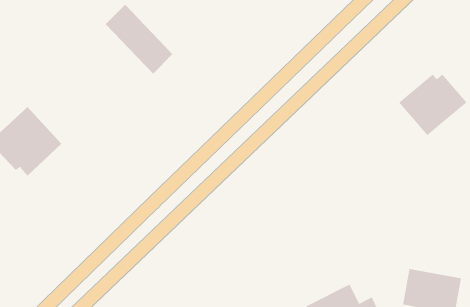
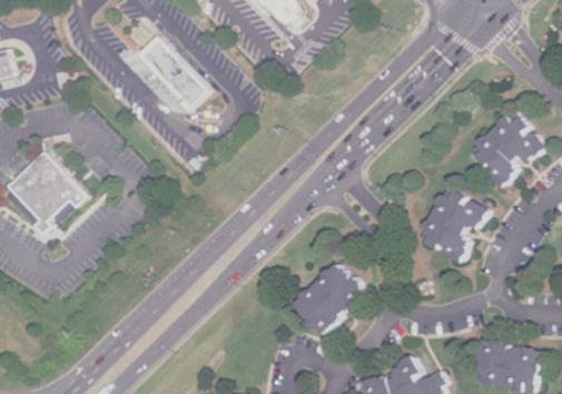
building: none -> [416,185,489,262]
building: none -> [289,260,366,335]

